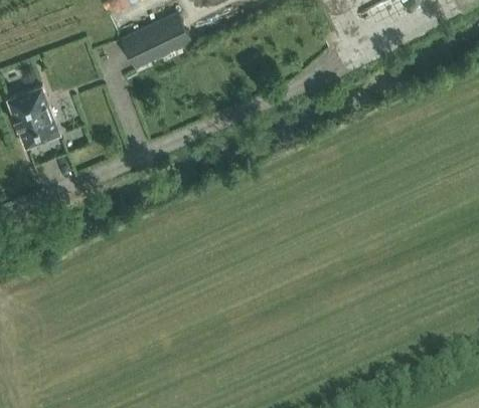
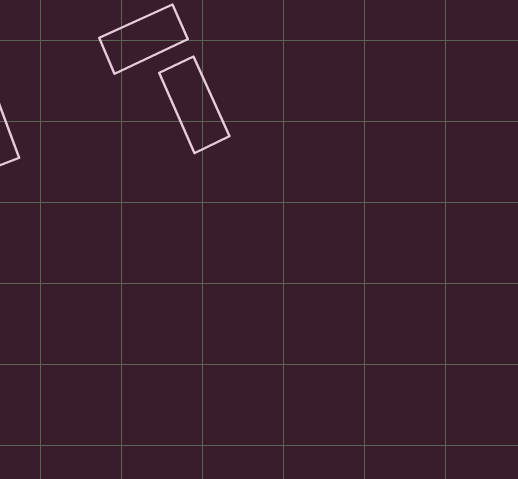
building: none -> [159,57,230,153]

